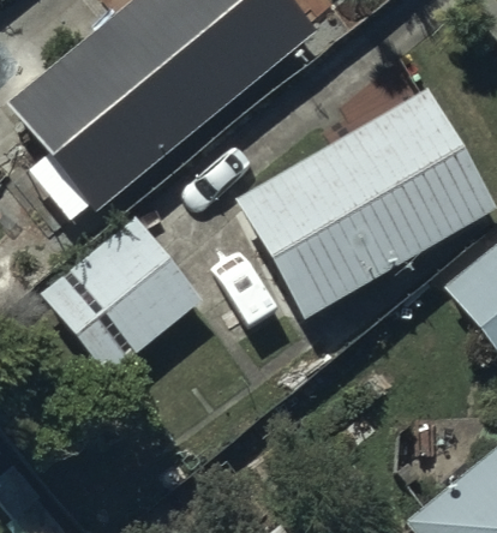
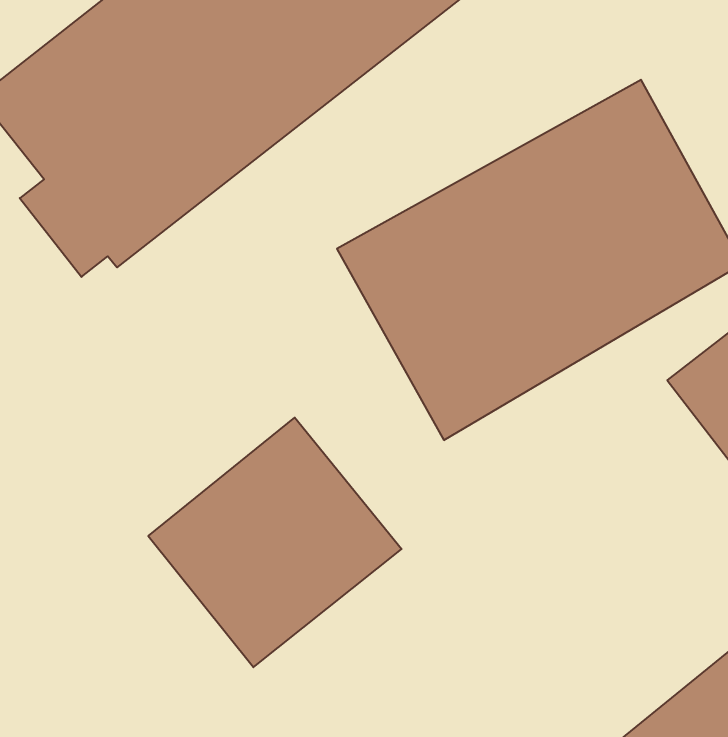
building: [42,214,204,373] -> [148,418,402,667]

